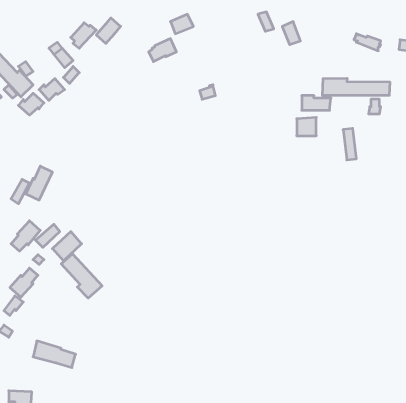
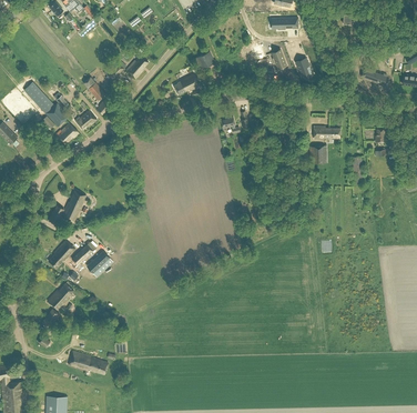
building: [322,78,390,95] -> none
building: [61,254,102,298] -> none

